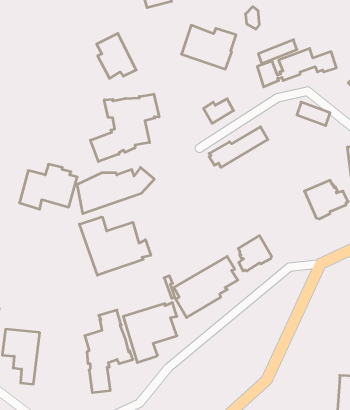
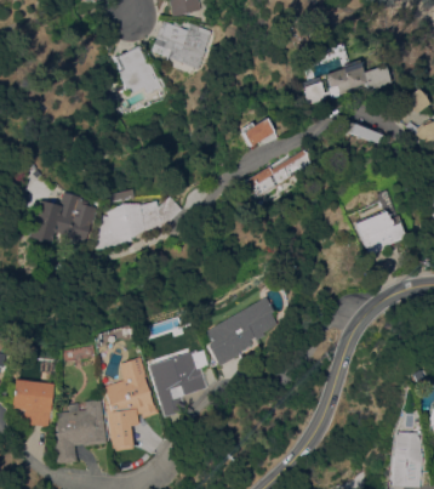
building: [181,25,236,69] -> [153,19,215,69]
building: [90,94,159,162] -> none
building: [79,217,151,275] -> none
building: [238,236,271,271] -> none
building: none -> [55,398,108,462]

